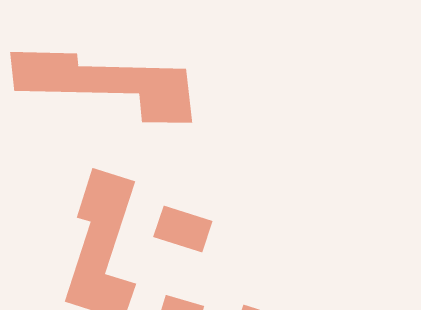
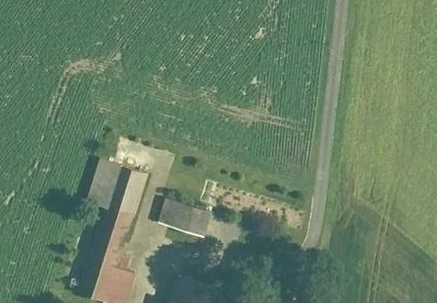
building: [9,51,193,123] -> none

